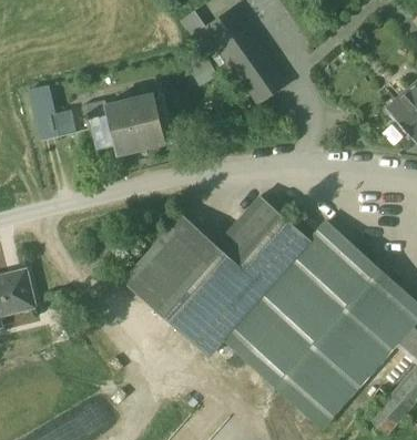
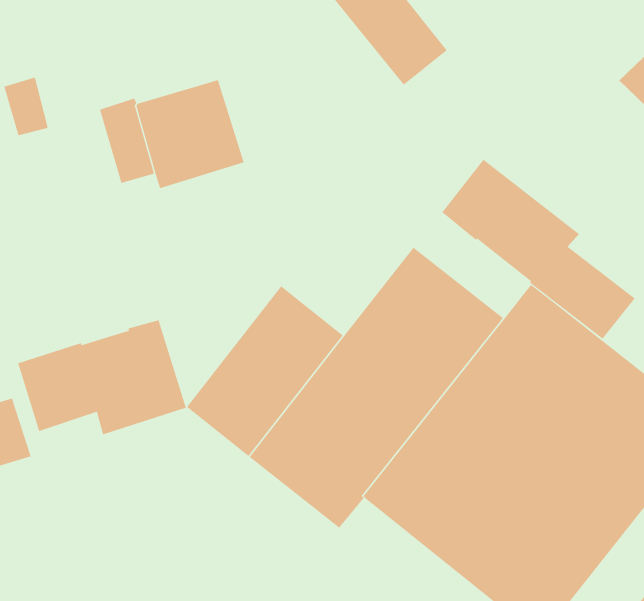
building: [37,111,75,141] -> none
building: none -> [441,159,635,340]
building: none -> [17,320,187,435]

